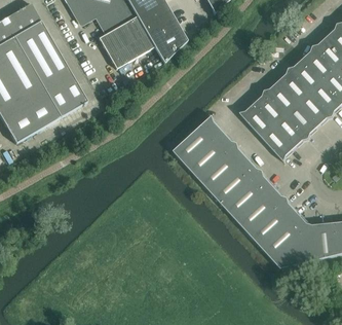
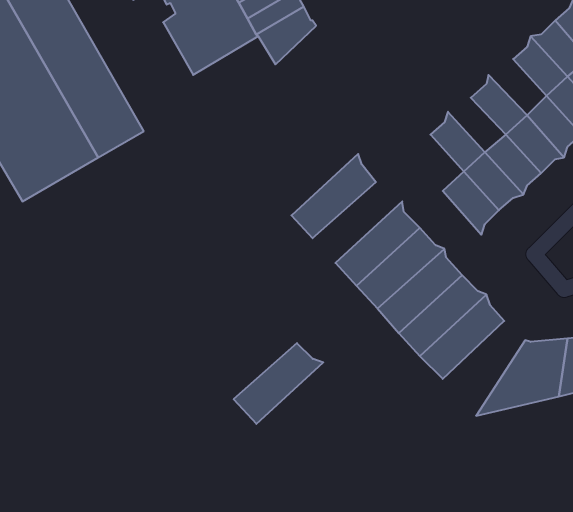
building: [289,59,322,92] -> none
building: [265,81,299,113] -> none
building: [240,103,274,136] -> none
building: [186,131,238,178] -> [234,343,323,424]
building: [262,212,310,267] -> none

